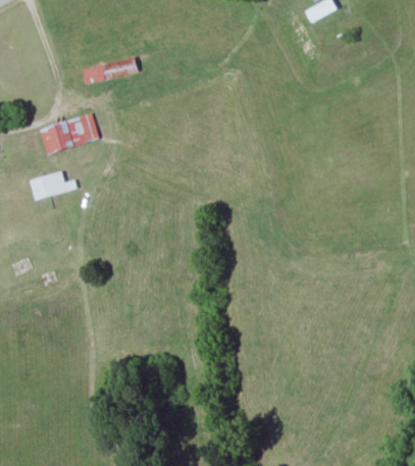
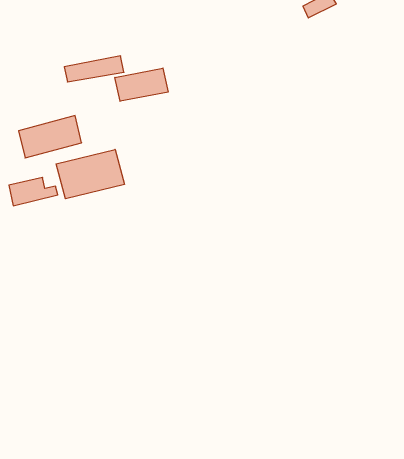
building: none -> [115,68,168,101]
building: none -> [56,149,124,199]

